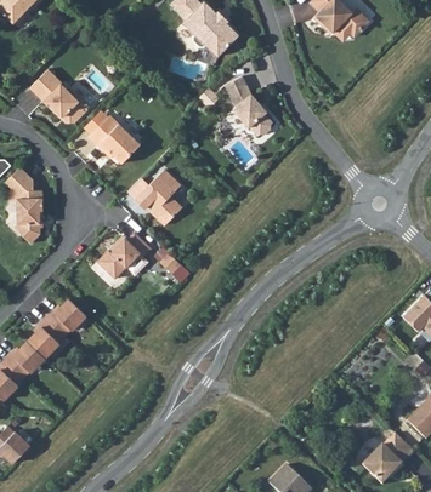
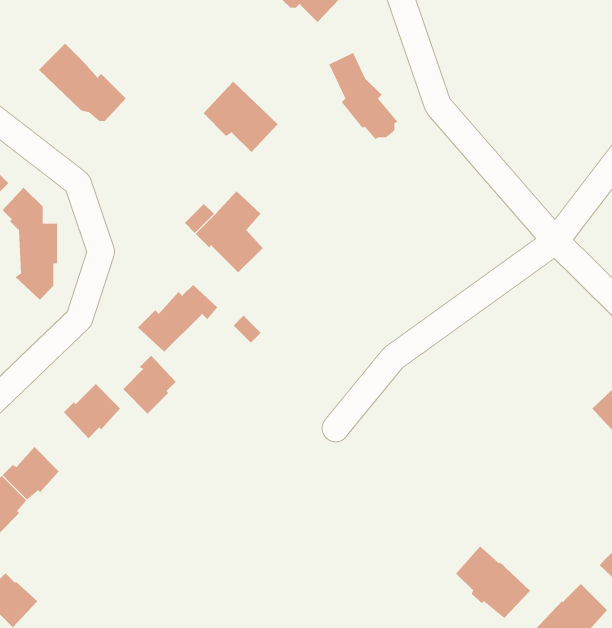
building: [89,114,140,162] -> [203,81,278,153]
building: [27,317,63,357] -> [122,355,176,414]
building: none -> [455,546,531,619]

